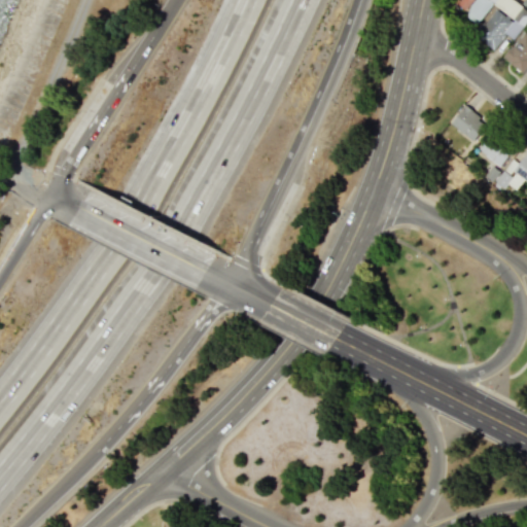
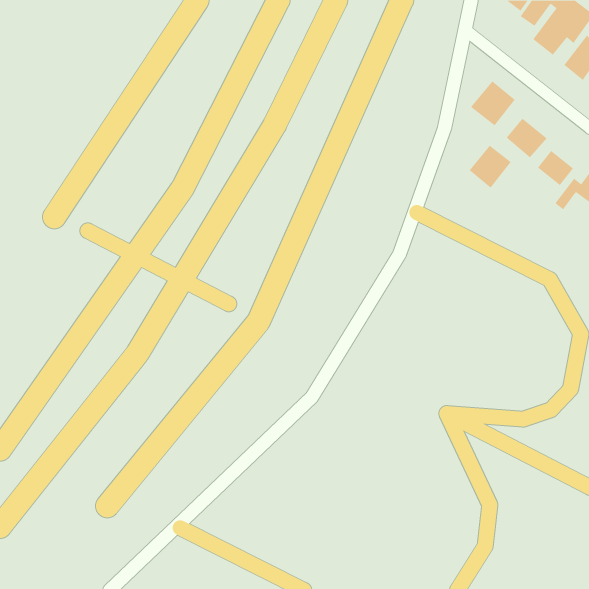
building: none -> [470,81,516,126]
building: none -> [469,145,512,189]

